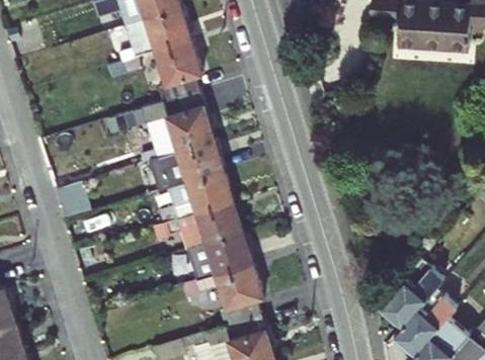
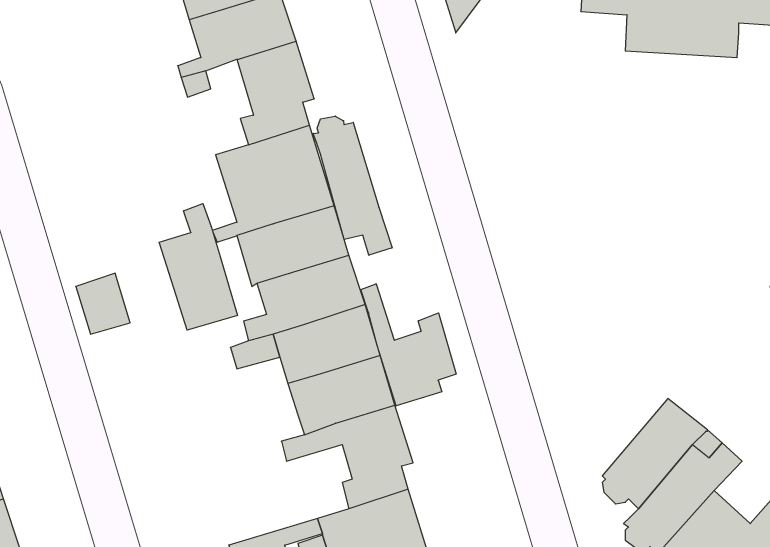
building: none -> [313,116,392,255]
building: none -> [159,204,238,330]
building: none -> [361,284,456,406]

